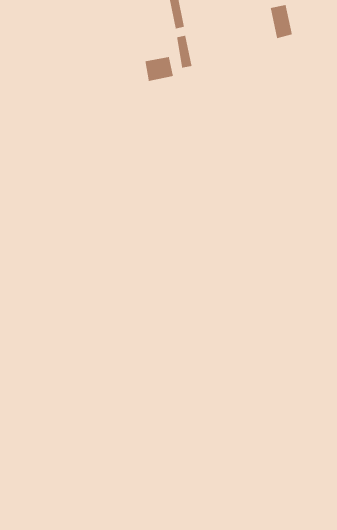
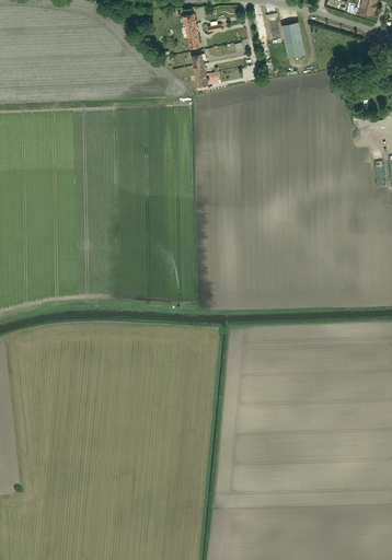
building: [145,56,174,82] -> none

